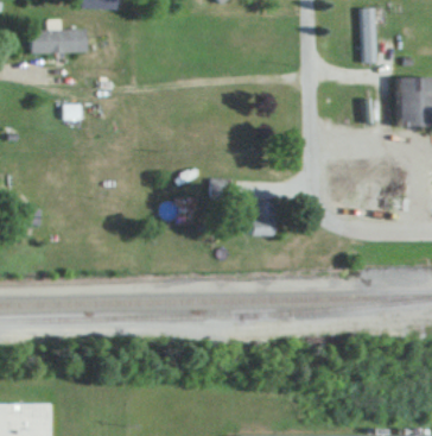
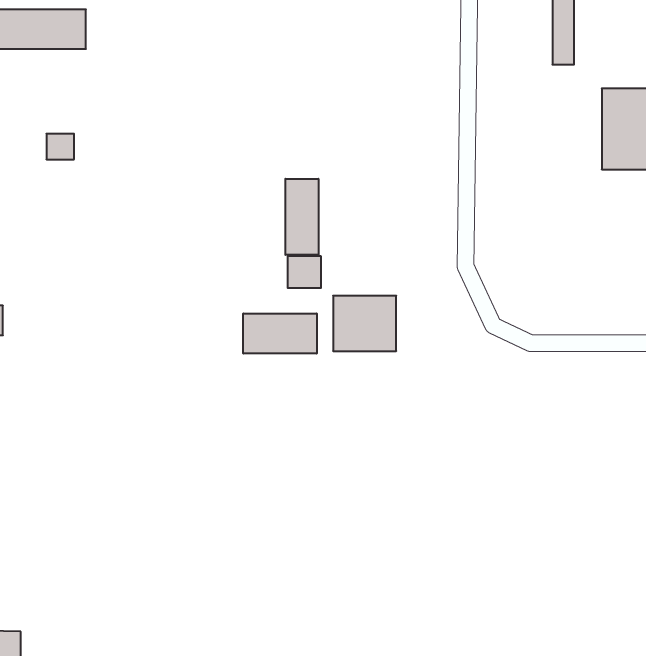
building: none -> [285,179,318,255]
building: none -> [243,313,317,354]

